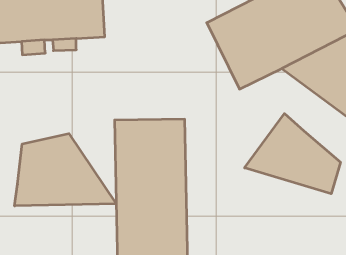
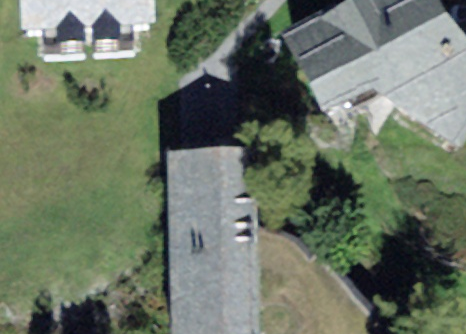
building: [245,114,340,194] -> none
building: [15,134,116,206] -> none

